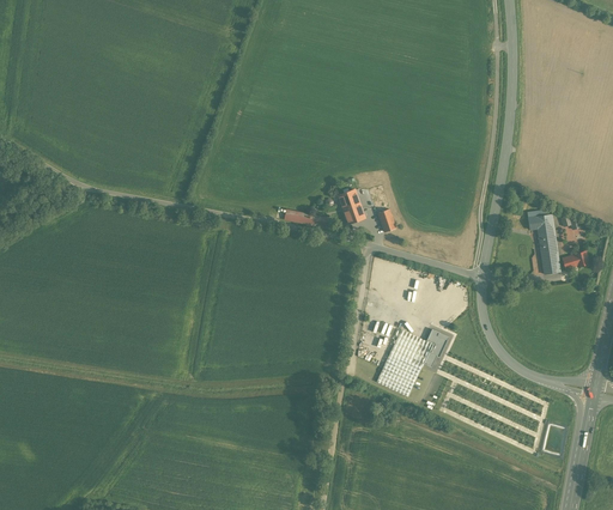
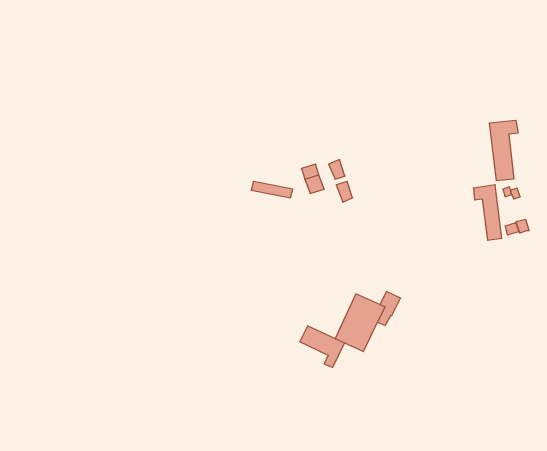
building: none -> [489,120,518,181]
building: none -> [300,326,344,367]

